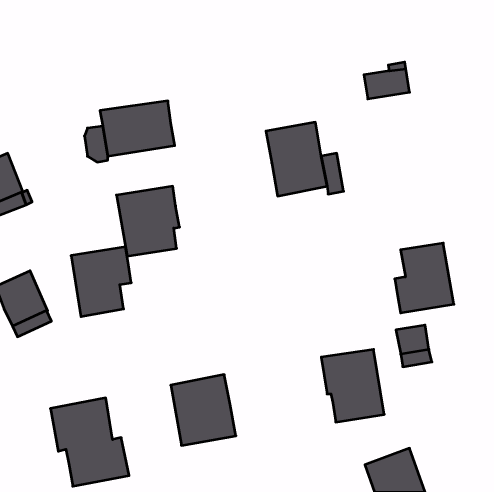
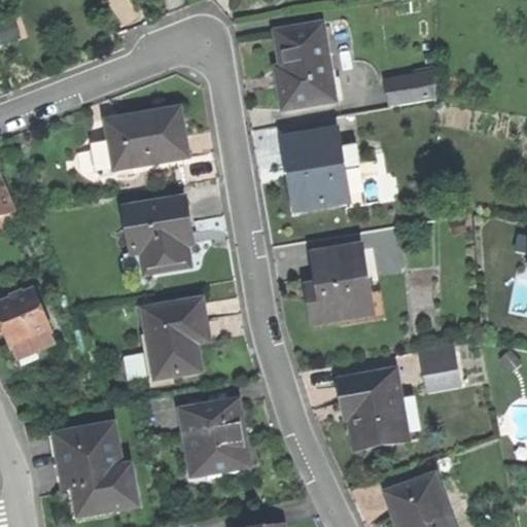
building: none -> [275,24,337,108]
building: [395,243,454,313] -> [308,246,371,320]
building: [71,247,131,317] -> [142,300,206,374]

